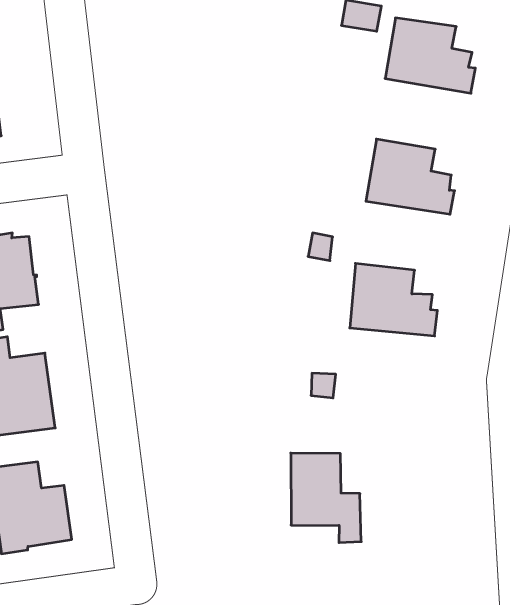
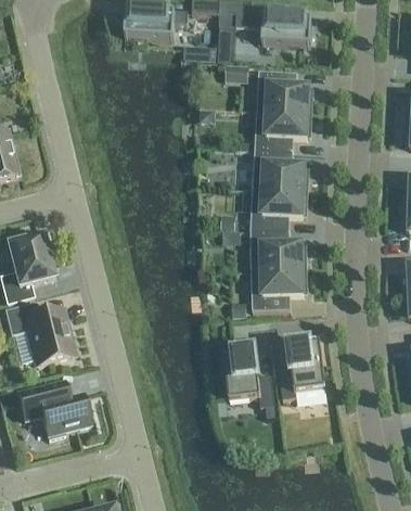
building: none -> [256,110,312,151]
building: none -> [252,189,308,229]
building: none -> [253,269,308,309]
building: none -> [280,342,326,398]

